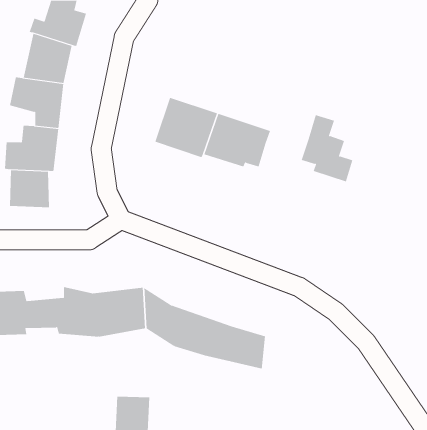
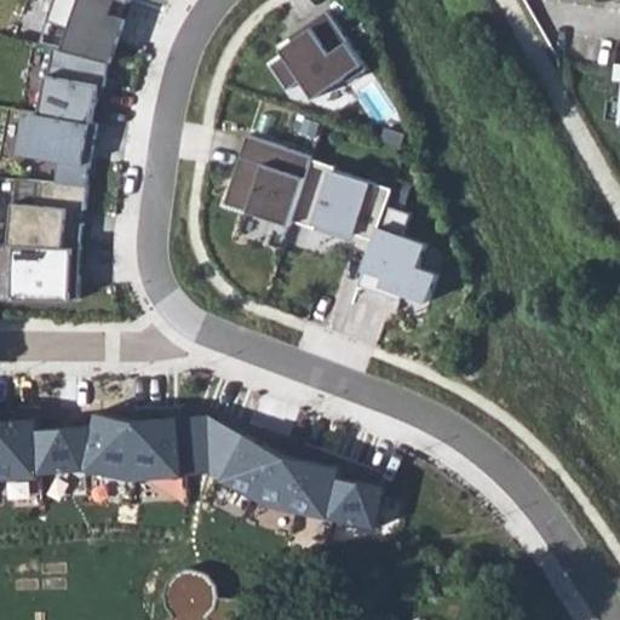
building: none -> [265,15,360,102]
building: [301,115,353,182] -> [362,207,437,304]

